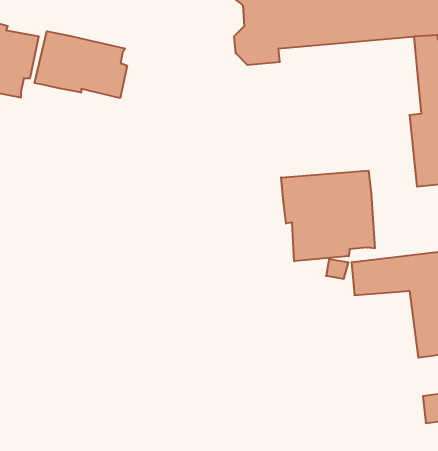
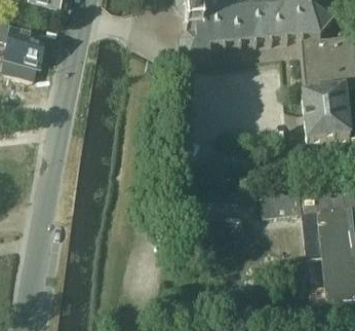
building: [34,31,127,98] -> none
building: [281,171,375,261] -> none

